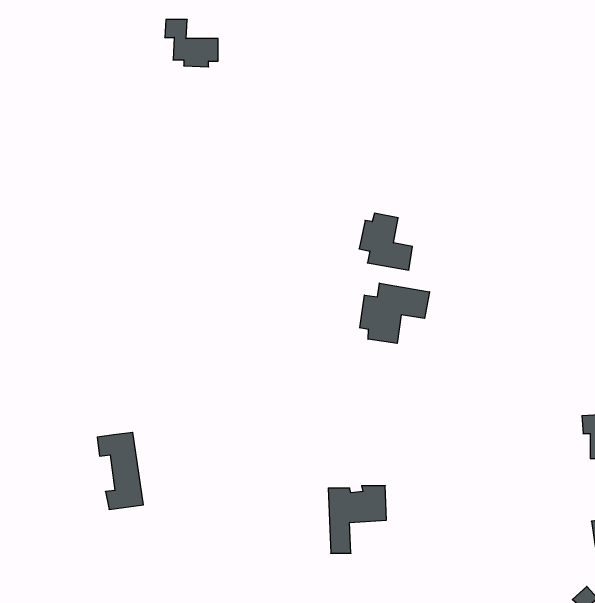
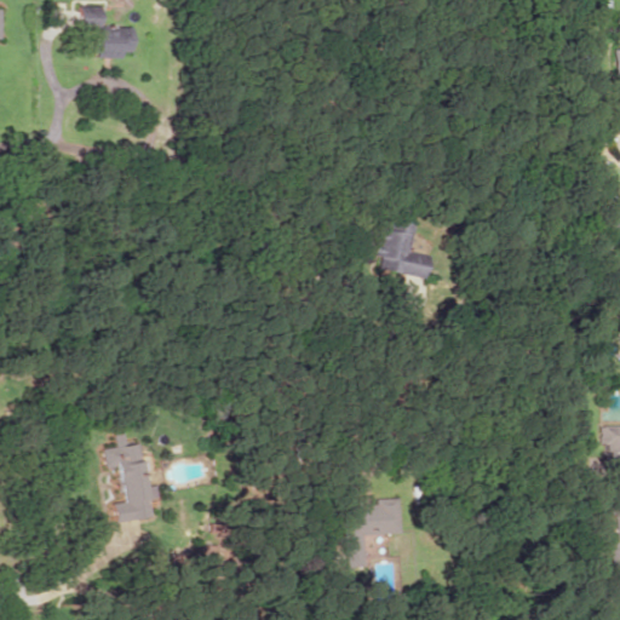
building: [165,20,218,67] -> [82,11,137,59]
building: [360,283,430,343] -> none

